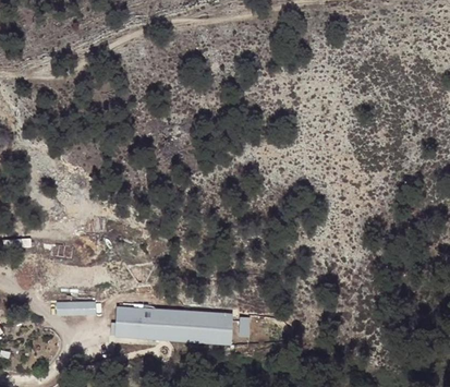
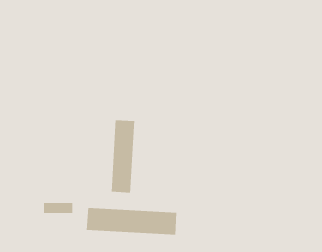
building: none -> [111,120,135,194]

